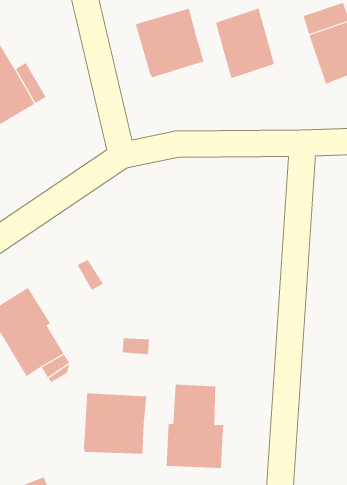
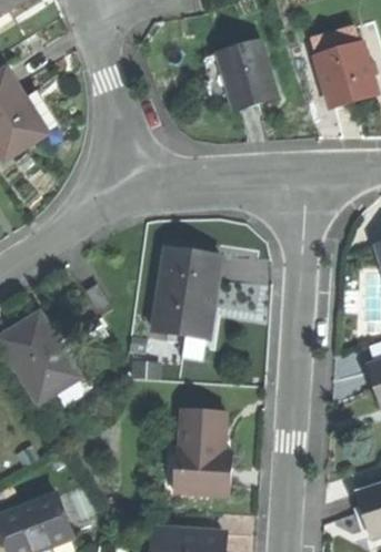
building: [135,8,204,78] -> none
building: none -> [154,246,224,337]
building: [83,393,147,454] -> none

